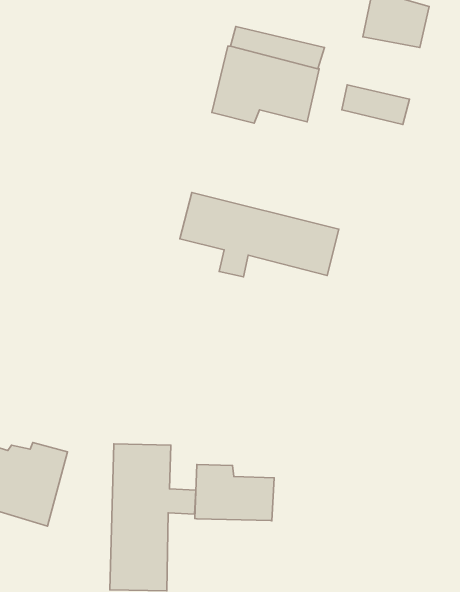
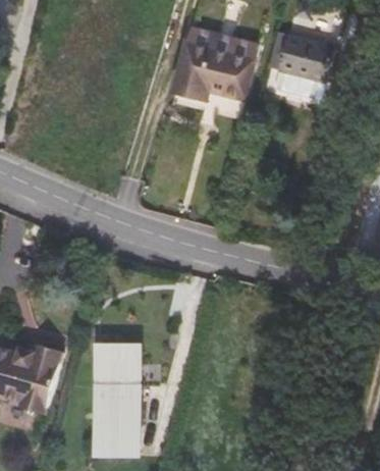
building: none -> [275,36,332,82]
building: [180,193,339,277] -> none
building: [195,464,274,521] -> none

